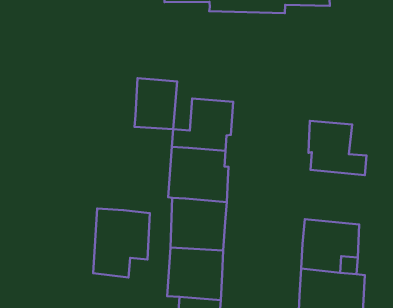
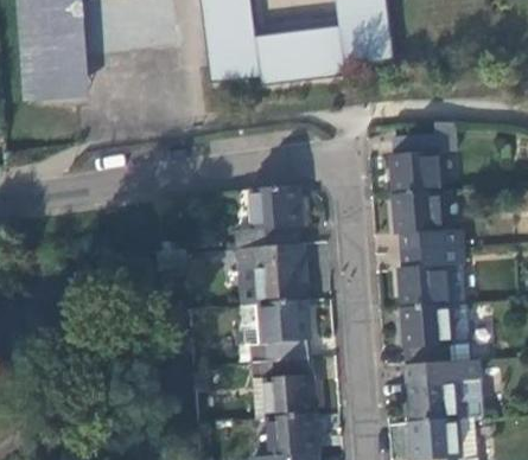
building: none -> [386,121,452,194]
building: [134,78,177,129] -> none
building: none -> [395,248,465,307]
building: [93,208,150,277] -> none

